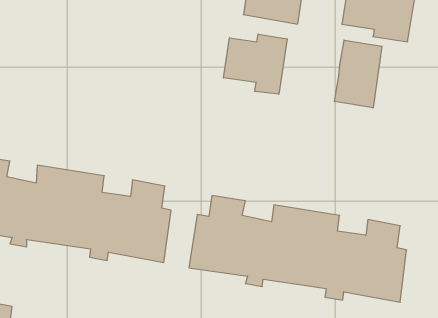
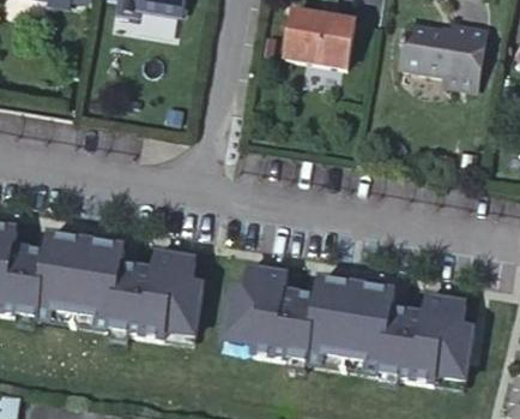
building: [224,34,287,94] -> none
building: [334,40,382,108] -> none

